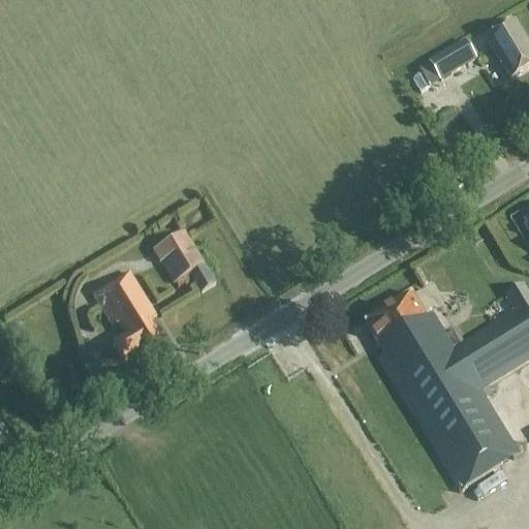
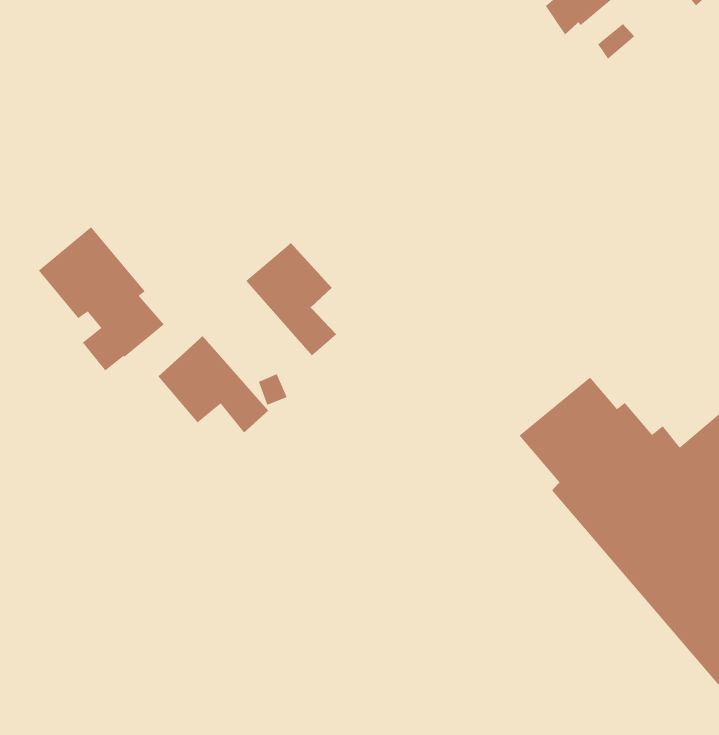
building: none -> [245,242,337,357]
building: [93,271,164,360] -> [38,226,165,372]

